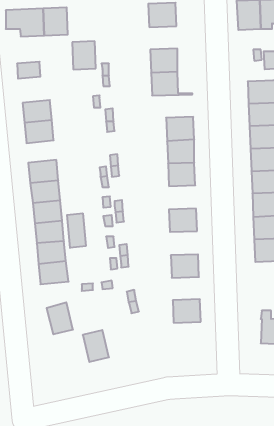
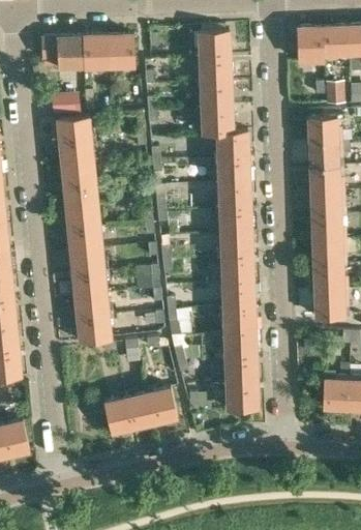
building: none -> [200,57,231,83]
building: [72,41,96,69] -> [109,35,134,66]
building: none -> [58,116,90,142]
building: none -> [203,132,248,158]
building: none -> [64,183,97,208]
building: none -> [221,233,251,260]
building: [67,213,86,248] -> none
building: none -> [222,284,253,311]
building: none -> [224,334,255,360]
building: [47,302,73,334] -> [104,399,133,434]
building: none -> [227,384,258,411]
building: none -> [148,388,177,423]

